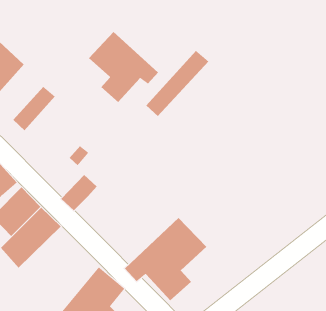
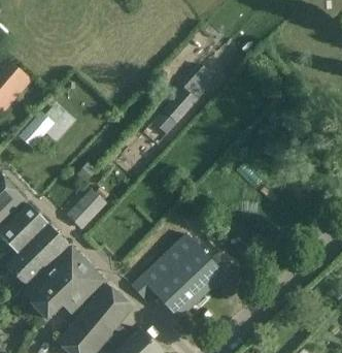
building: [88,31,159,103] -> none
building: none -> [23,247,104,319]

